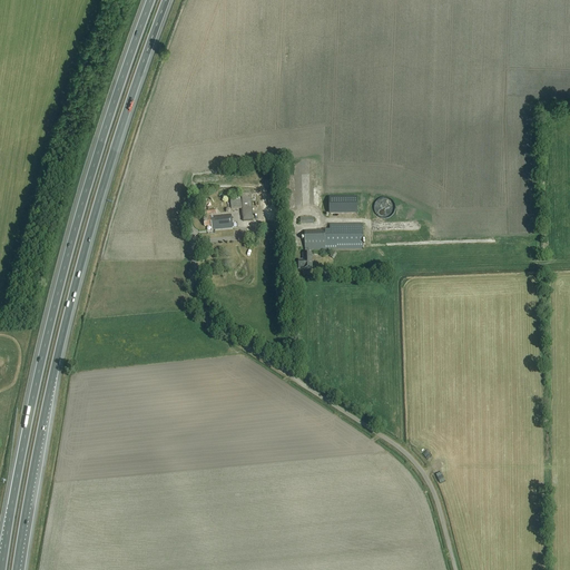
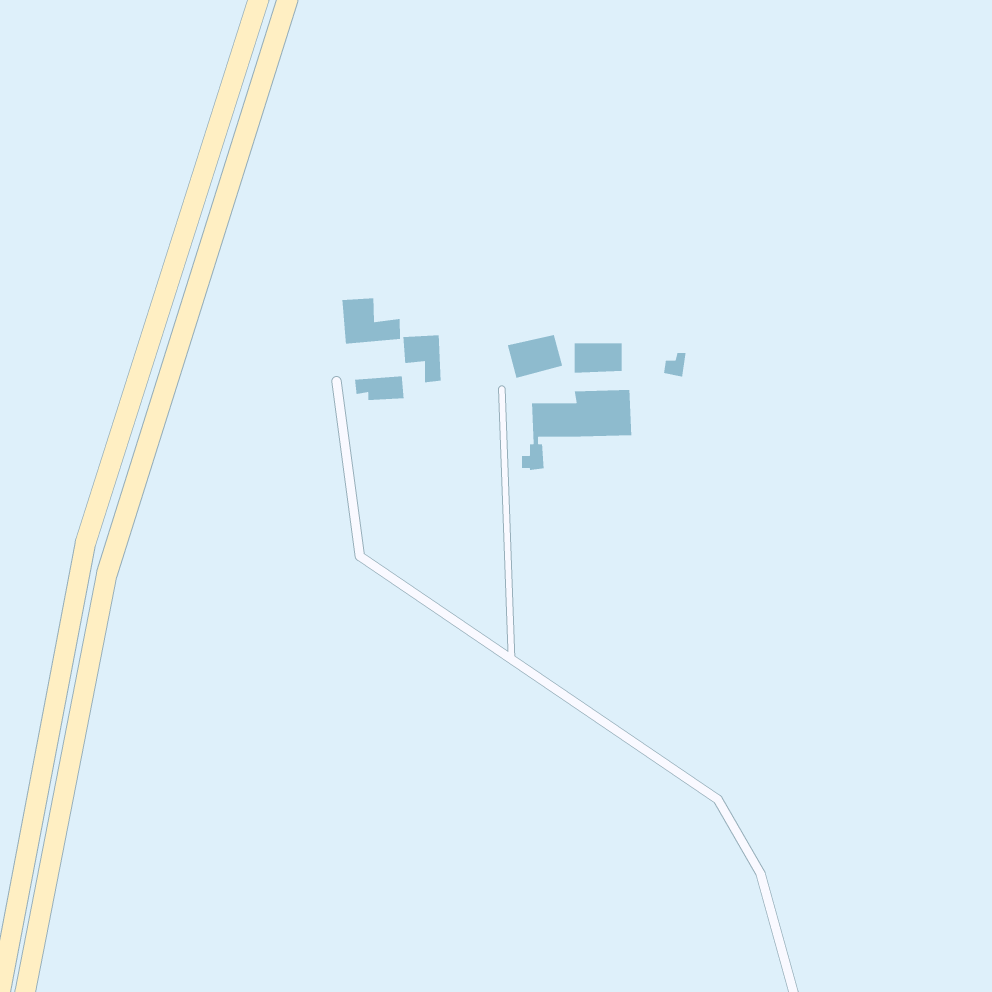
building: none -> [341,298,401,345]
building: none -> [507,334,563,379]

